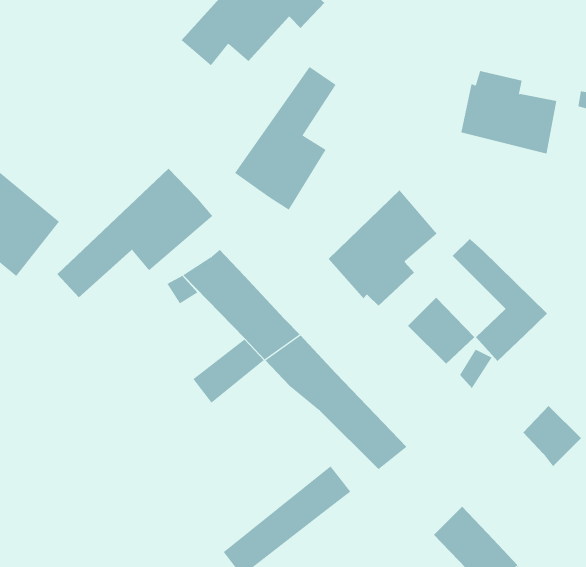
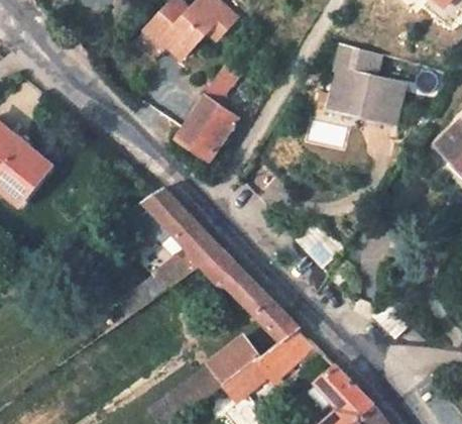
building: [57,168,213,298] -> none
building: [328,190,438,306] -> none
building: [452,238,548,362] -> none
building: none -> [234,325,324,388]

